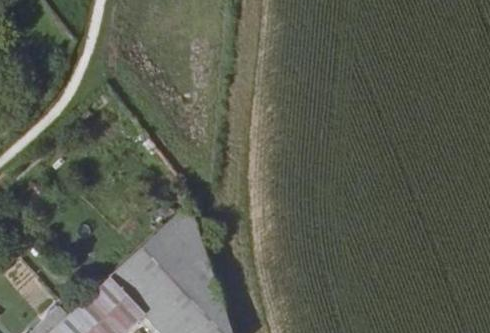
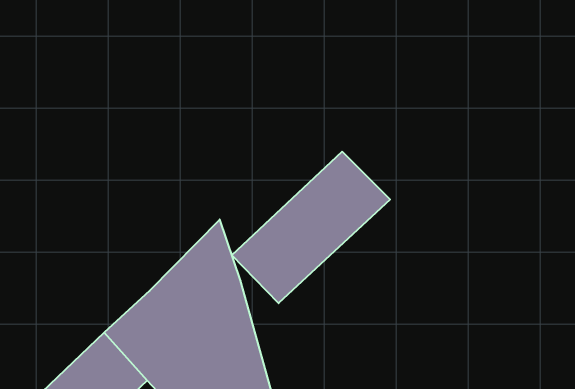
building: none -> [232,152,390,303]

